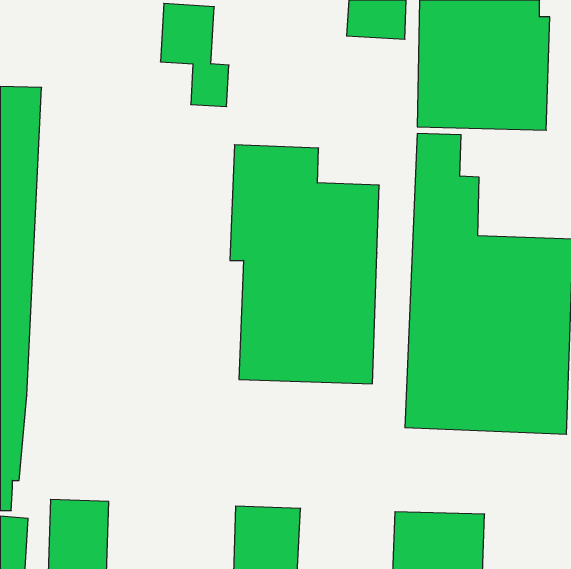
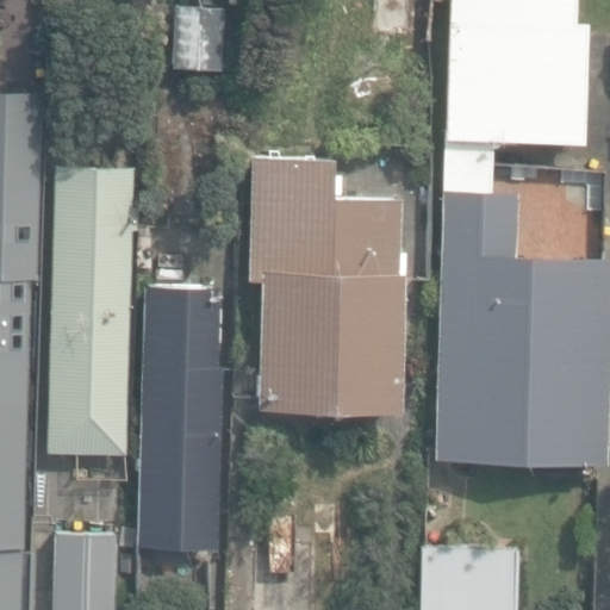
building: none -> [48,166,135,458]
building: none -> [138,288,222,552]

